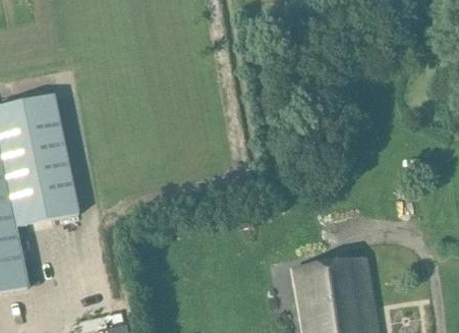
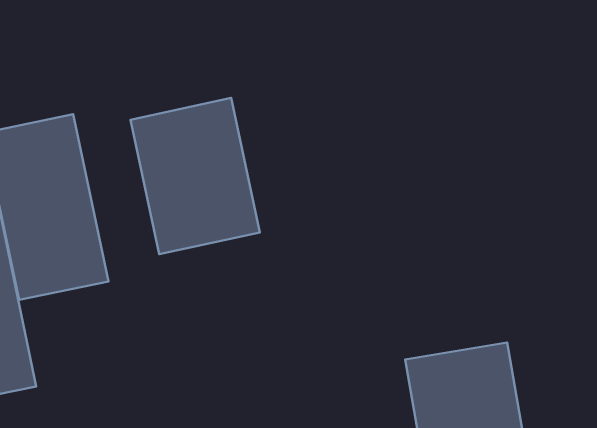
building: none -> [130,98,260,254]

